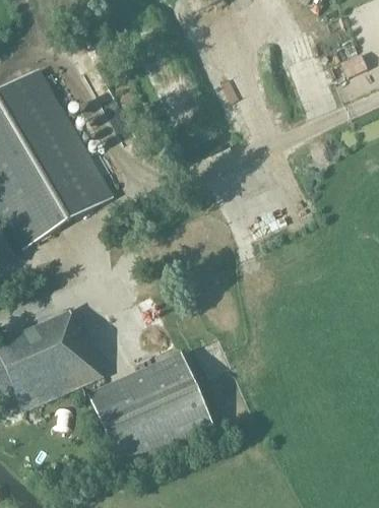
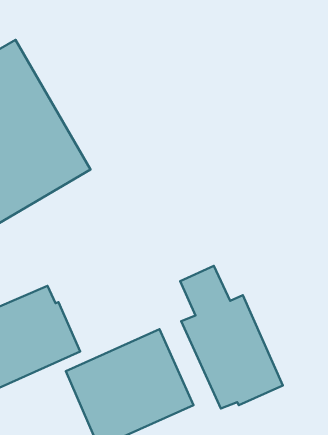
building: none -> [180,266,283,409]

